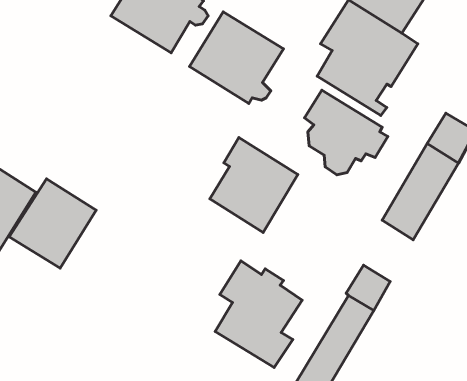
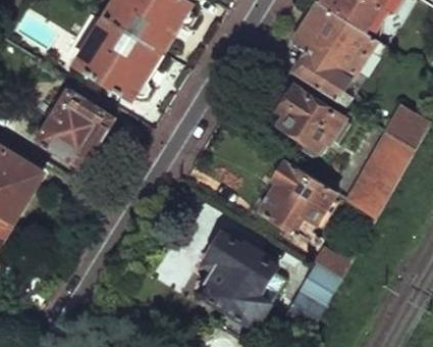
building: [190,12,283,103] -> [79,17,162,98]
building: [210,137,298,233] -> [257,157,334,241]
building: [9,179,96,268] -> [39,90,115,168]

